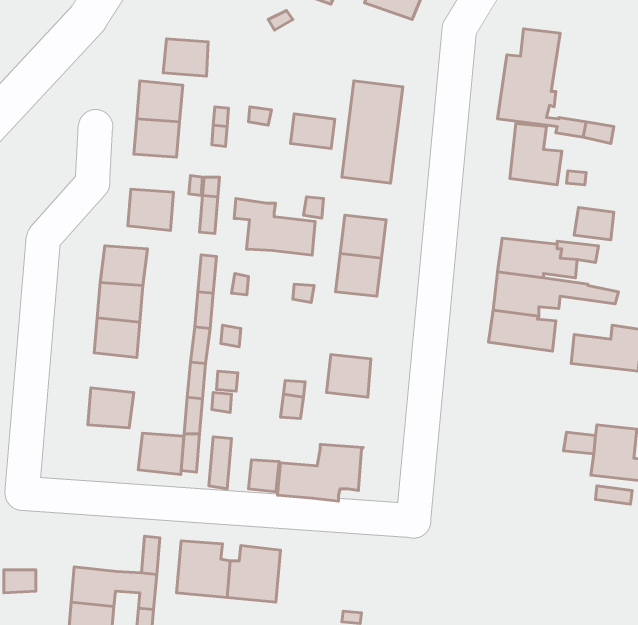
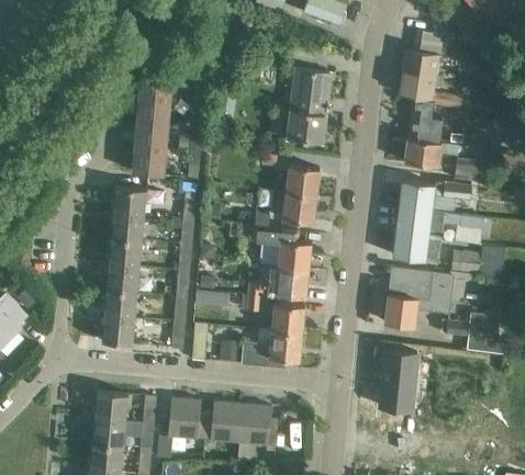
building: [163,39,208,76] -> none
building: [291,114,335,149] -> none
building: none -> [135,121,168,148]
building: none -> [404,138,460,167]
building: [234,199,315,255] -> [252,227,310,268]
building: none -> [107,263,139,292]
building: none -> [383,268,453,327]
building: none -> [272,301,304,331]
building: [138,433,184,474] -> [101,315,134,344]
building: none -> [380,347,416,407]
building: none -> [94,391,127,420]
building: none -> [239,405,278,445]

